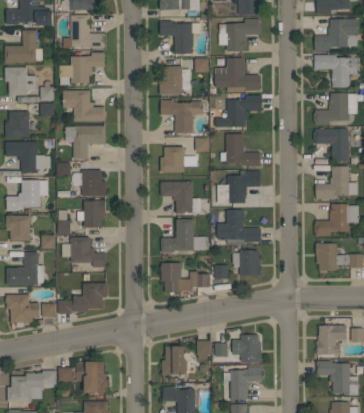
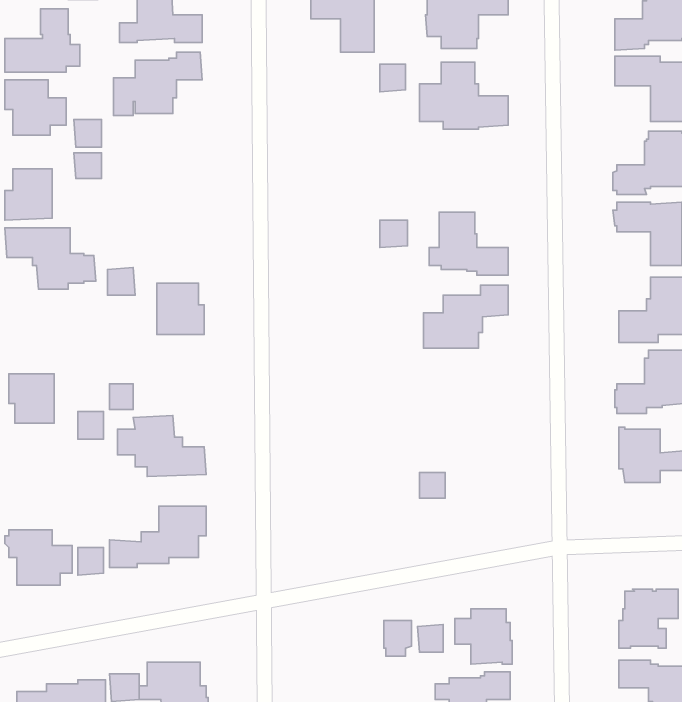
building: [159,66,182,95] -> none
building: [63,91,107,122] -> none
building: [215,95,262,127] -> none
building: [161,100,204,133] -> none
building: [65,126,106,160] -> none
building: [160,147,197,172] -> none
building: [7,180,48,211] -> none
building: [161,182,193,213] -> none
building: [77,200,106,227] -> none
building: [217,210,261,242] -> none
building: [161,220,206,253] -> none
building: [232,251,261,275] -> none
building: [7,252,44,285] -> none
building: [161,263,210,293] -> none
building: [162,347,187,375] -> none

